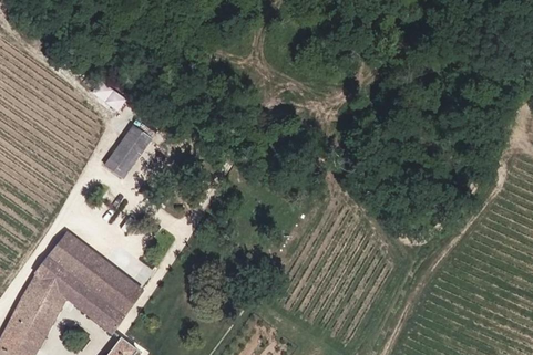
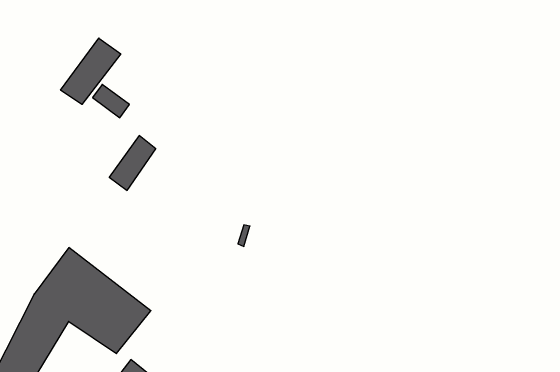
building: none -> [61,38,121,104]

